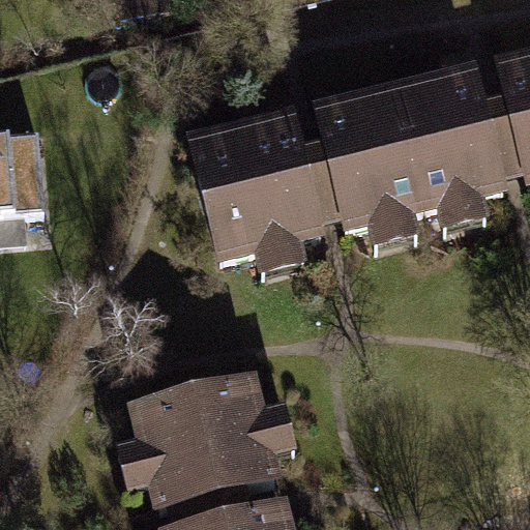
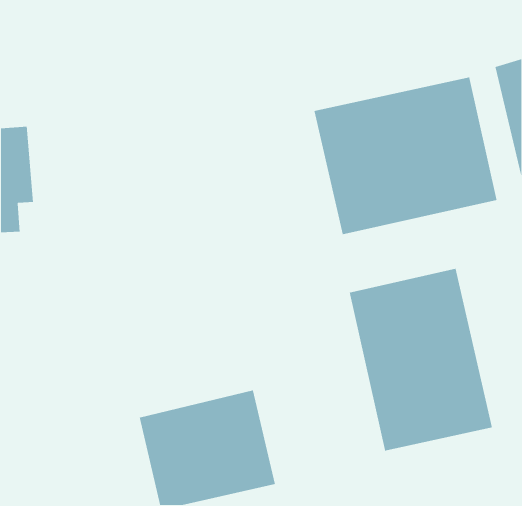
building: [188,117,326,275] -> none
building: none -> [349,268,493,451]

